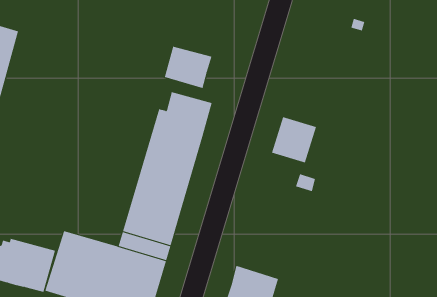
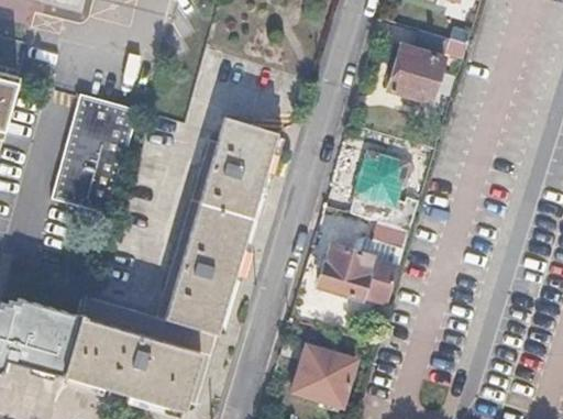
building: none -> [388,29,448,102]
building: [164,46,212,89] -> none
building: none -> [49,97,136,216]
building: none -> [318,244,399,304]

